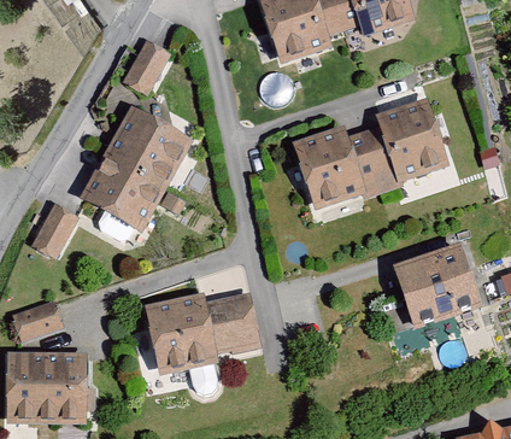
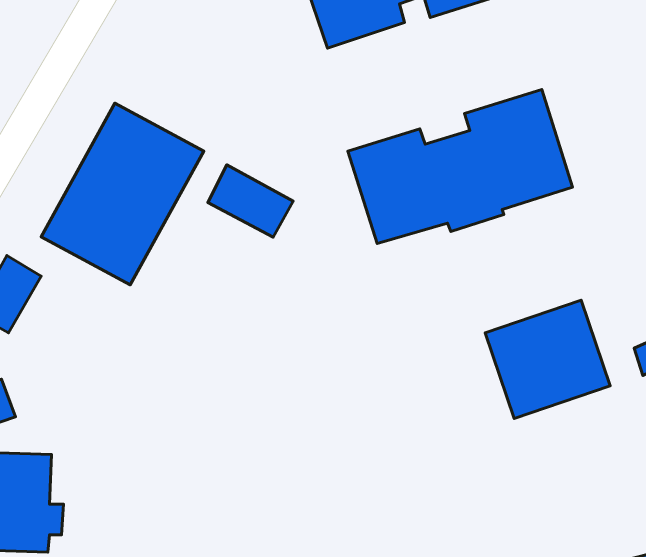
building: [122,46,171,103] -> none
building: none -> [208,165,293,237]
building: [143,291,258,374] -> none

